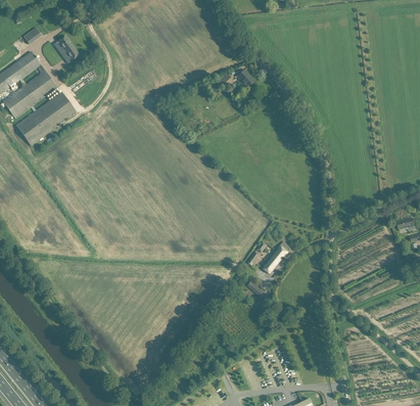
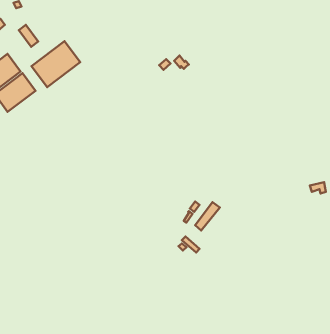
building: none -> [31,41,80,87]

